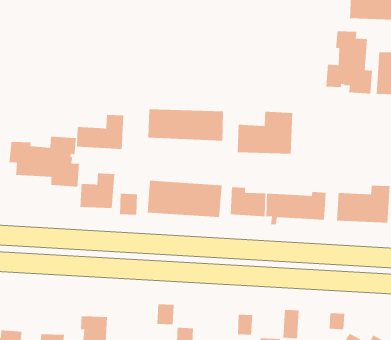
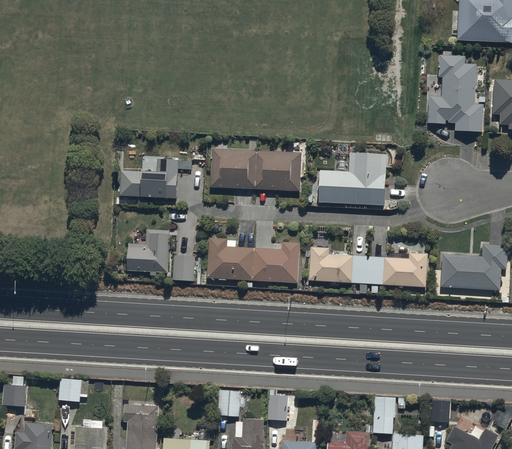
building: [9,136,79,188] -> none
building: none -> [59,378,82,401]
building: [237,314,253,335] -> [270,395,290,421]

